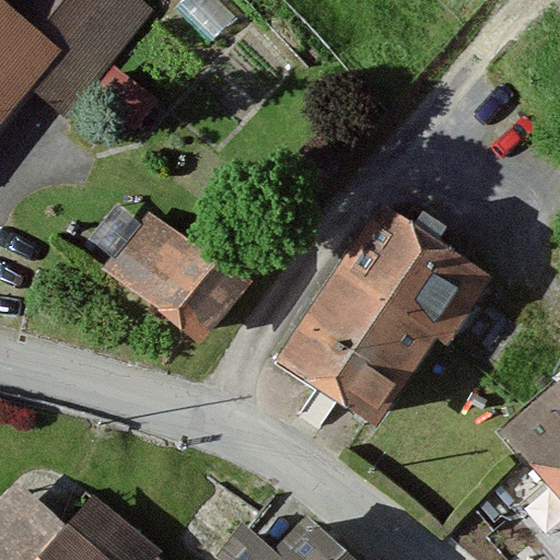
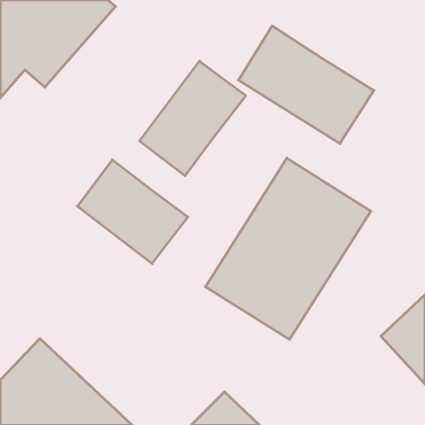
building: none -> [238,26,374,144]
building: none -> [140,61,246,176]

